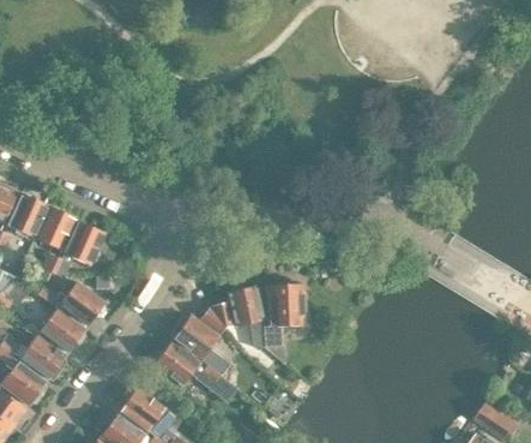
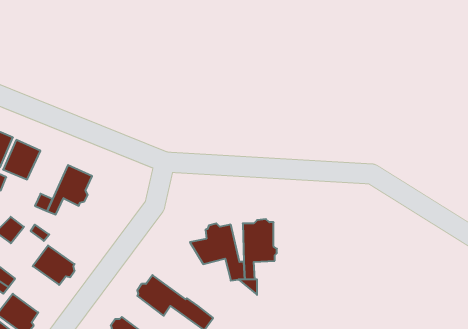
building: [34,205,74,250] -> none
building: [58,282,103,325] -> none
building: [171,305,225,375] -> none
building: [19,335,65,378] -> none

